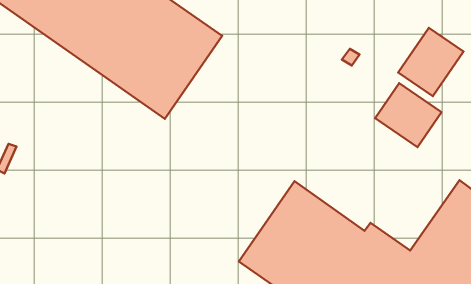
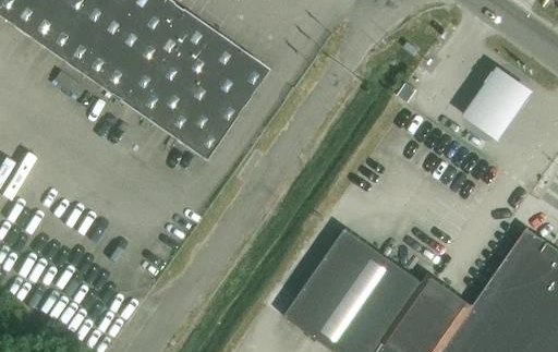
building: [375,83,441,147] -> none

